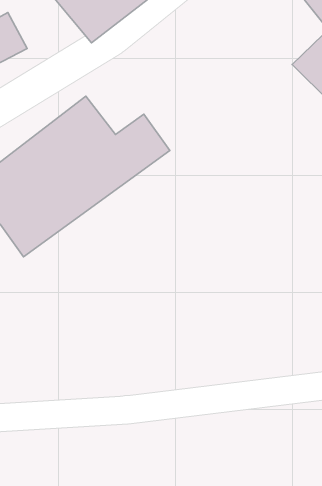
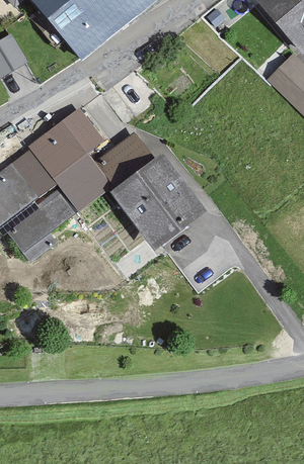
building: none -> [115,153,211,251]

